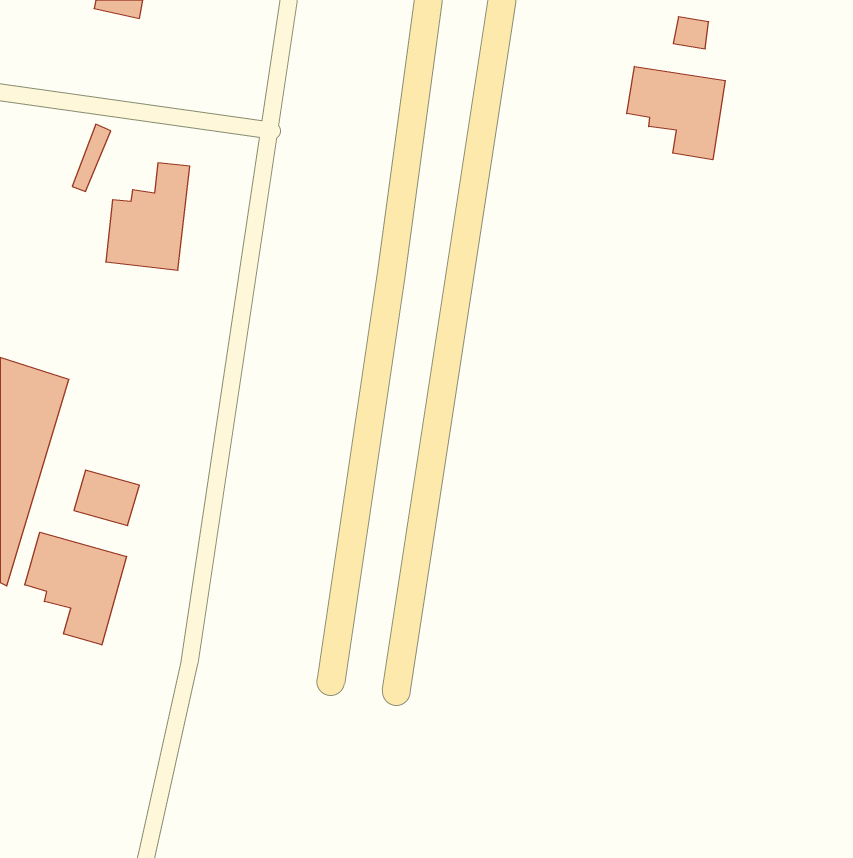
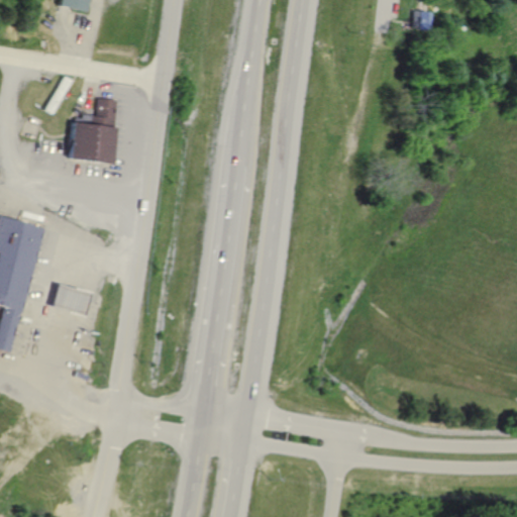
building: [627,66,725,160] -> none
building: [25,532,127,645] -> none

